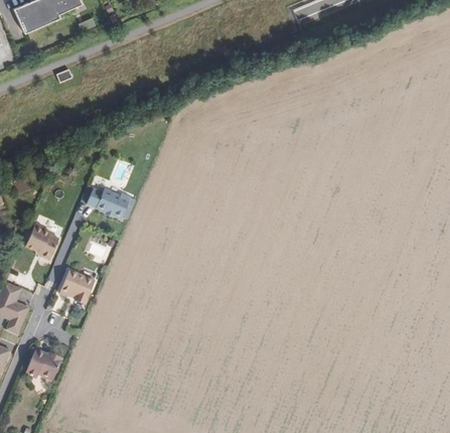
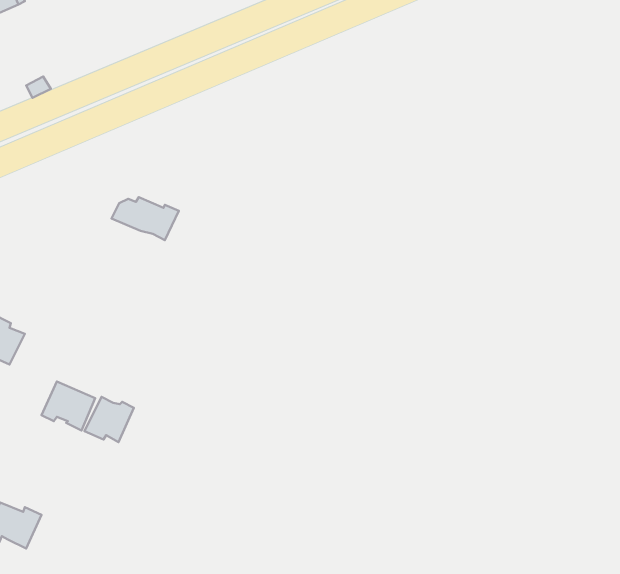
building: [83,186,127,214] -> [111,197,179,240]
building: none -> [84,397,134,442]

